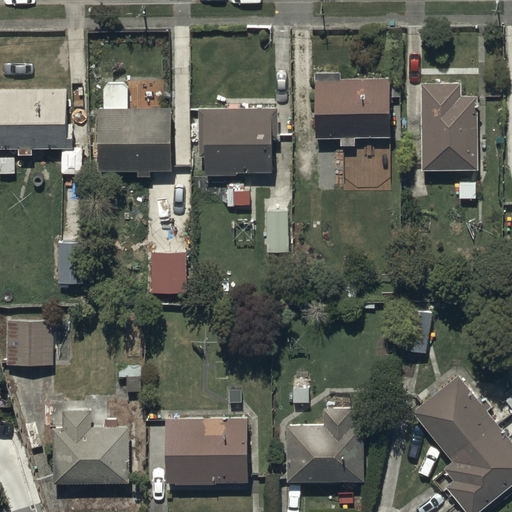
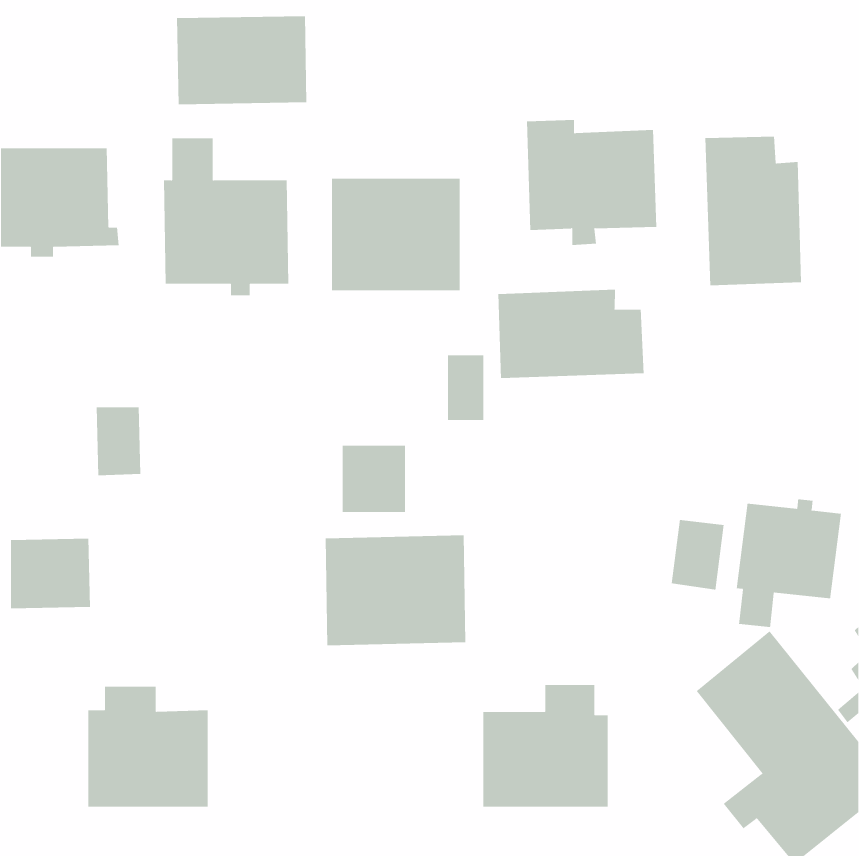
building: none -> [177,15,307,105]
building: none -> [498,289,644,379]
building: [150,253,188,293] -> [342,445,406,512]
building: none -> [736,498,841,628]
building: [163,417,247,483] -> [325,535,466,646]

